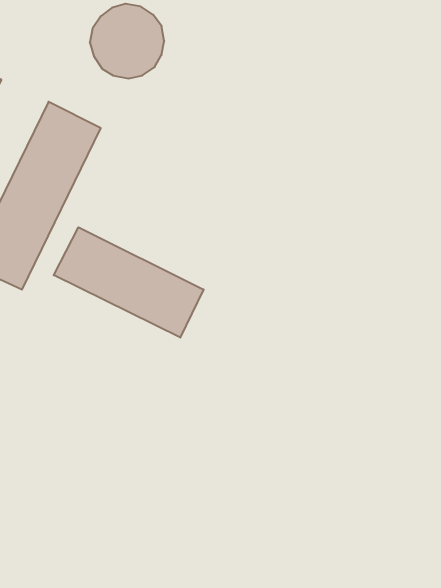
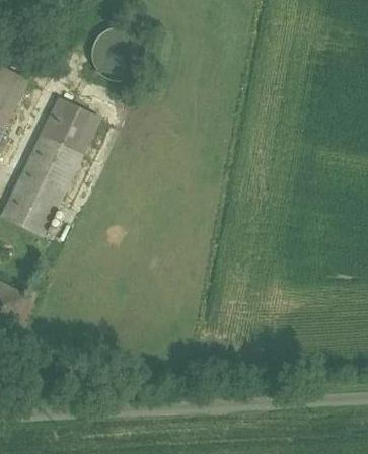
building: [54,227,204,338] -> none

